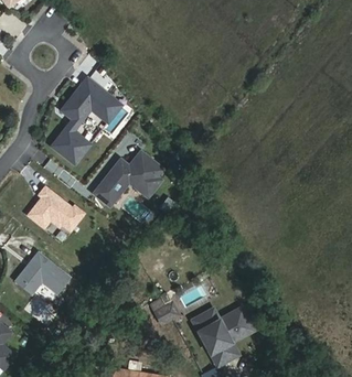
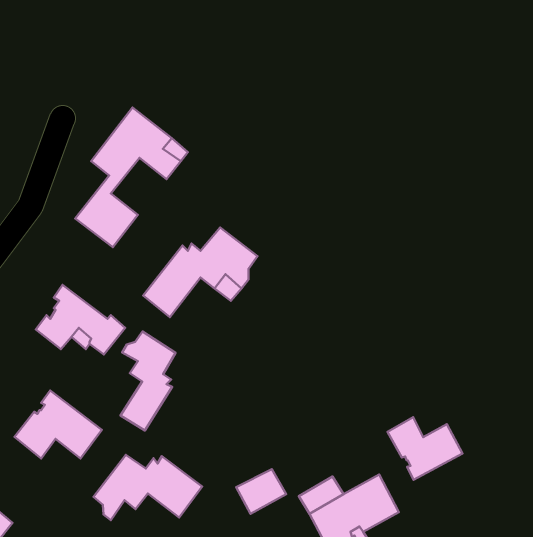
building: none -> [120,331,175,431]
building: none -> [388,417,462,480]
building: none -> [94,455,202,520]

